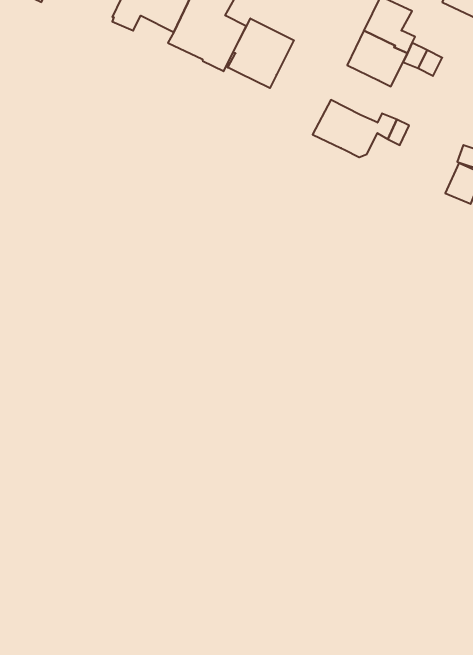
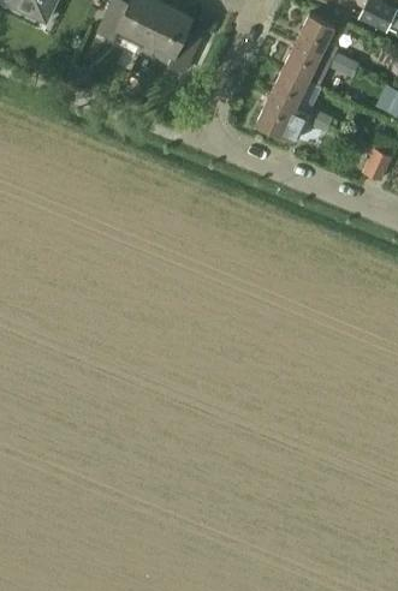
building: [228,18,294,88] -> none
building: none -> [271,68,309,108]

